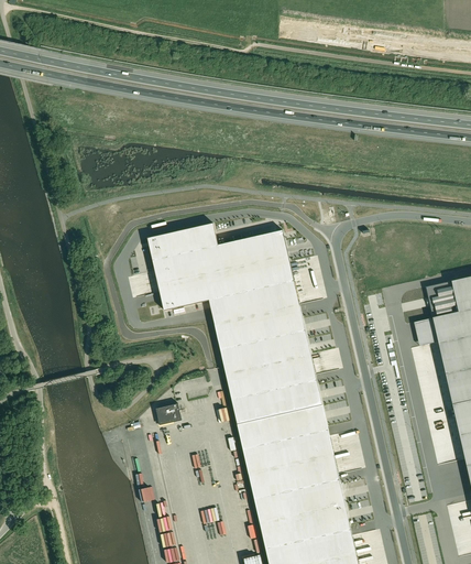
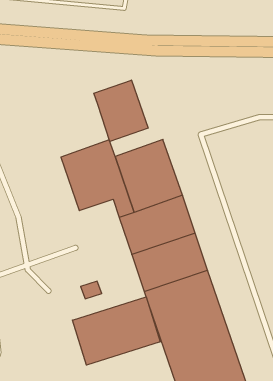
building: none -> [94,80,148,142]
building: none -> [72,297,160,365]

